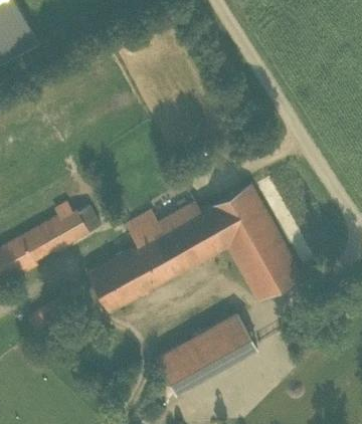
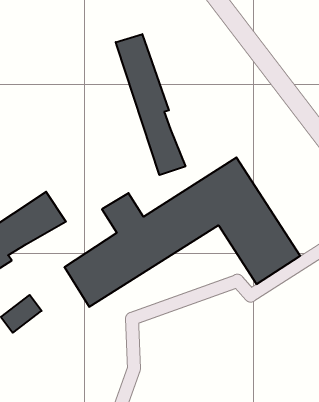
building: none -> [116,34,185,175]
building: [154,312,254,393] -> none

